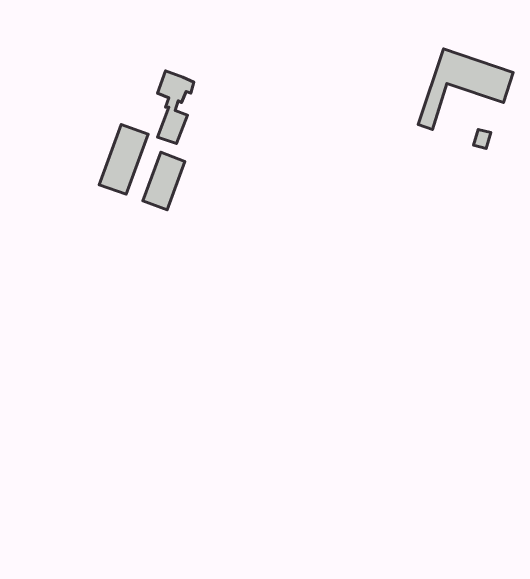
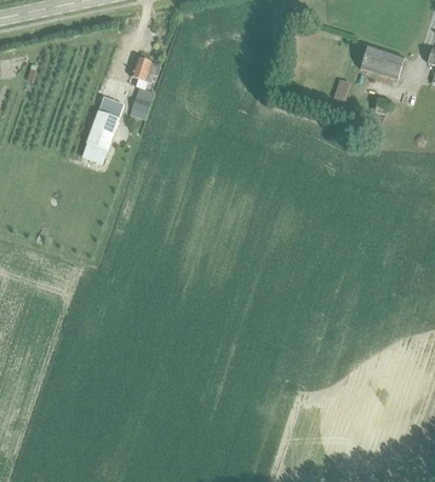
building: [143,152,185,210] -> none

